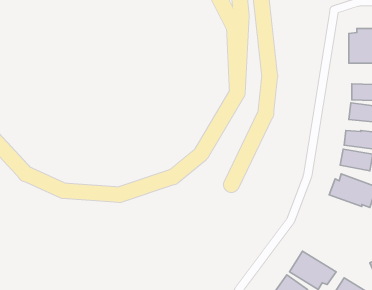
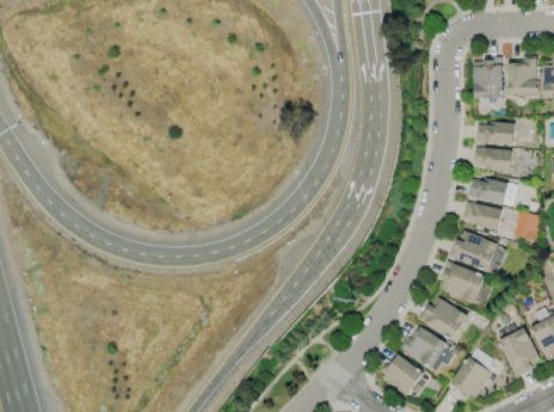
building: none -> [438,263,486,303]
building: none -> [420,296,469,342]

